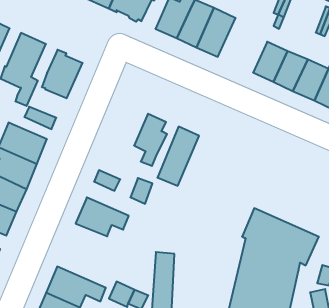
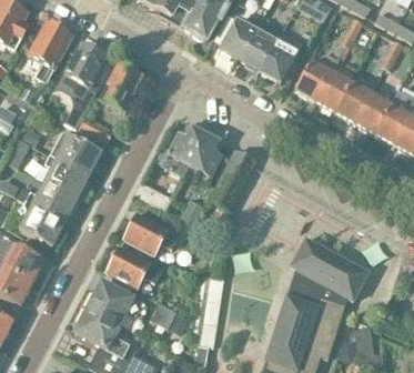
building: none -> [293,53,336,100]
building: none -> [154,124,204,175]
building: none -> [104,246,160,288]

